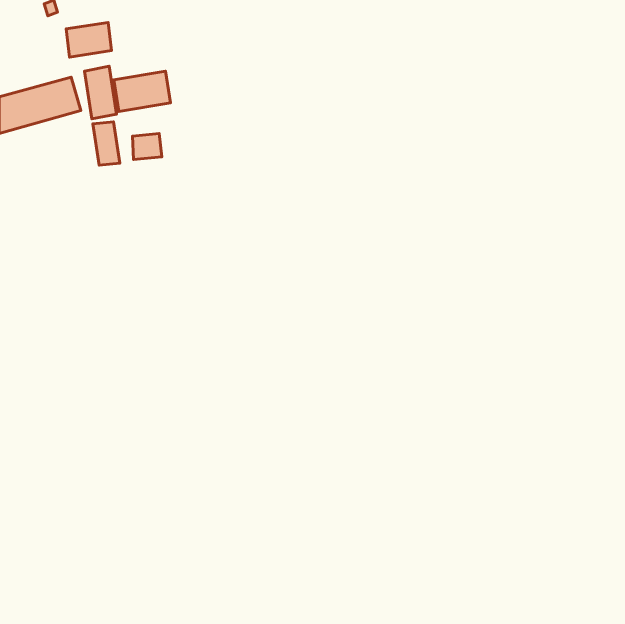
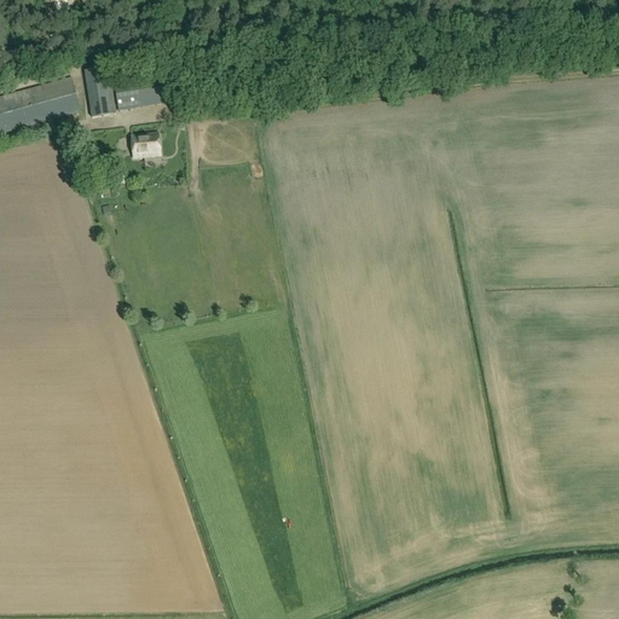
building: [66,22,111,57] -> none
building: [93,122,120,165] -> none

